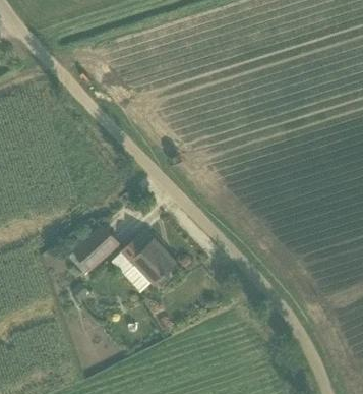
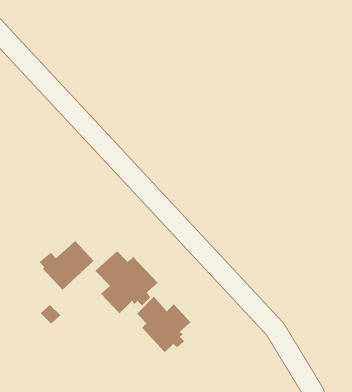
building: none -> [136,296,192,353]

